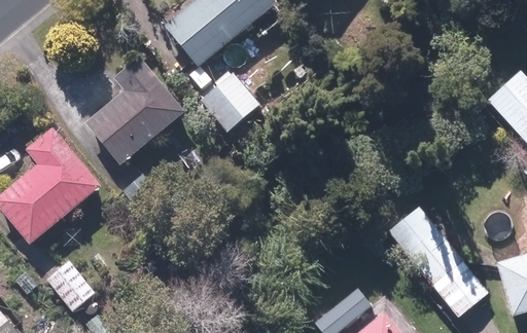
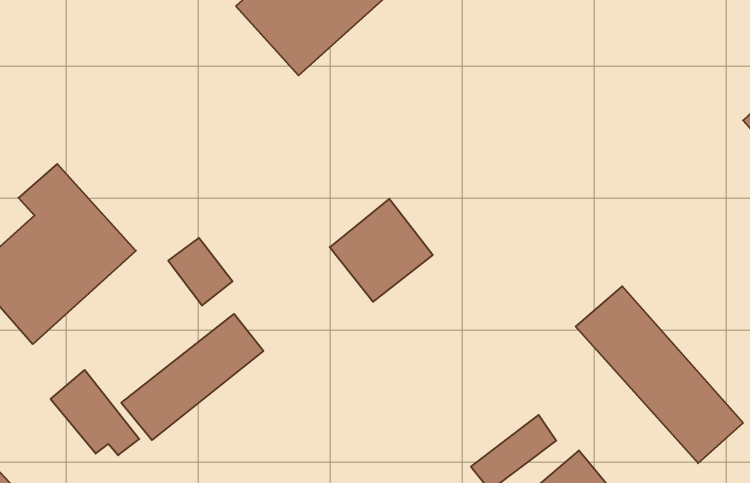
building: [87,53,184,161] -> none
building: [197,68,262,134] -> [330,199,433,302]
building: none -> [121,314,263,440]

